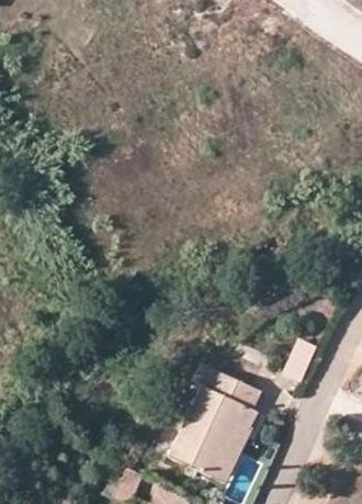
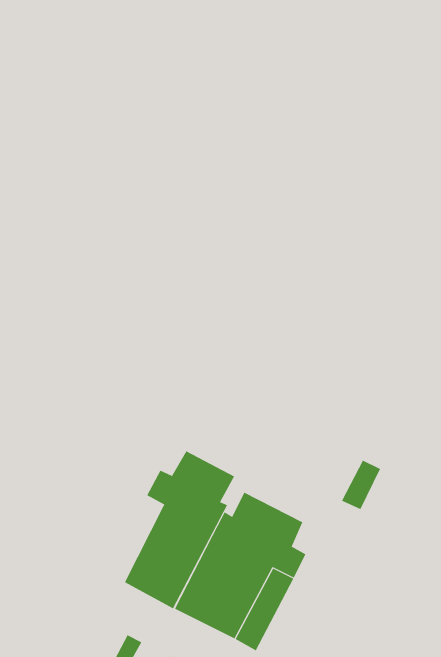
building: none -> [124,451,235,609]

